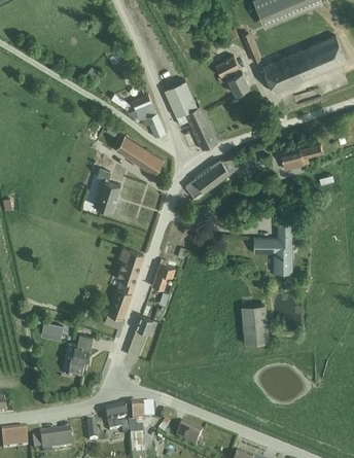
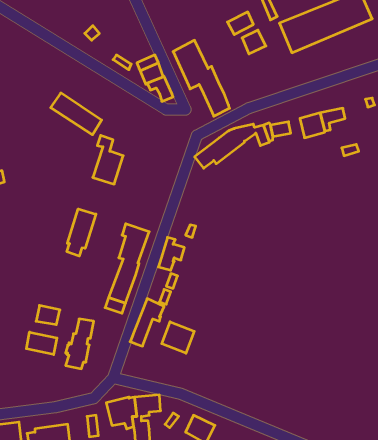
building: [115,136,162,174] -> [51,93,102,135]
building: [253,222,292,279] -> none
building: none -> [67,209,96,256]
building: [240,306,269,345] -> none
building: none -> [162,322,194,353]
building: none -> [26,332,57,355]

